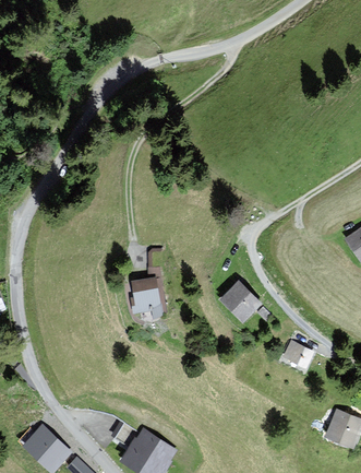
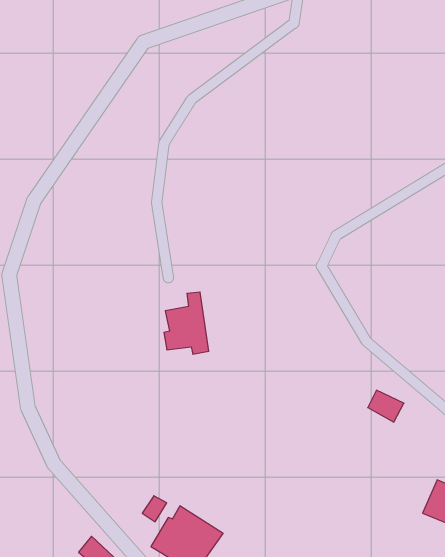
building: [220,282,258,320] -> none
building: [31,431,63,463] -> none

